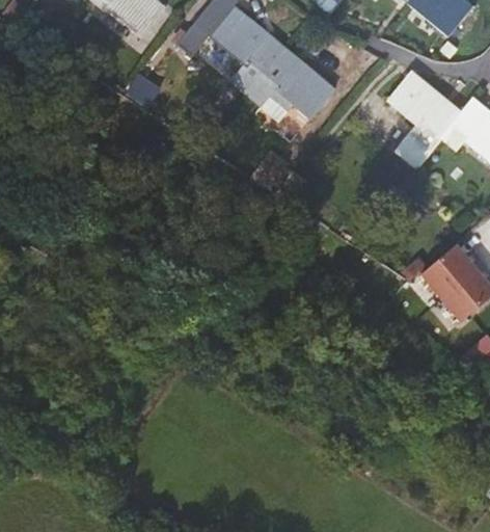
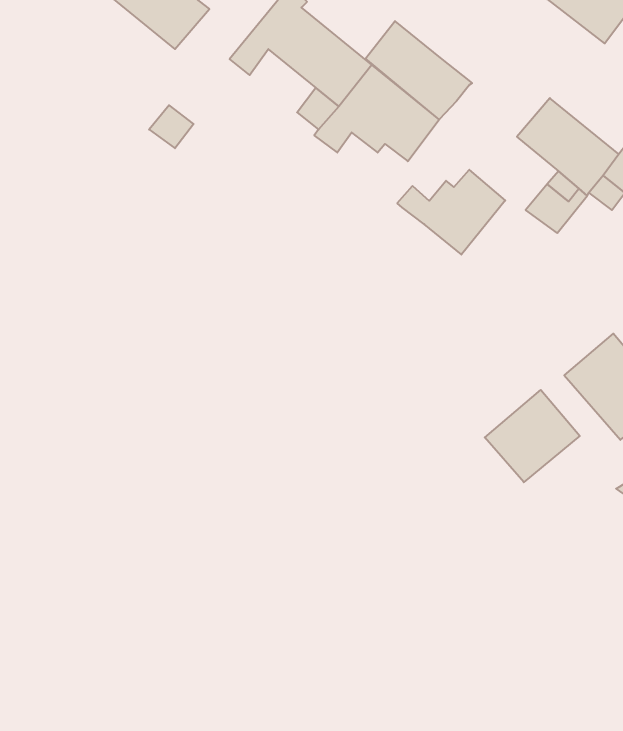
building: none -> [365,21,472,120]
building: none -> [397,170,505,255]
building: none -> [485,390,580,482]

